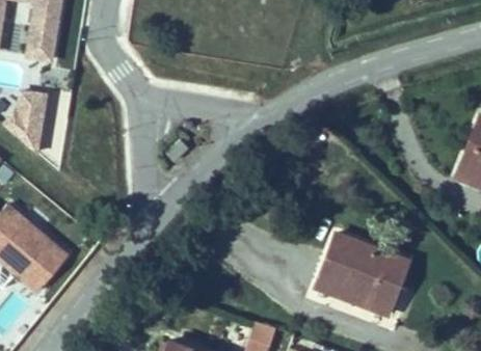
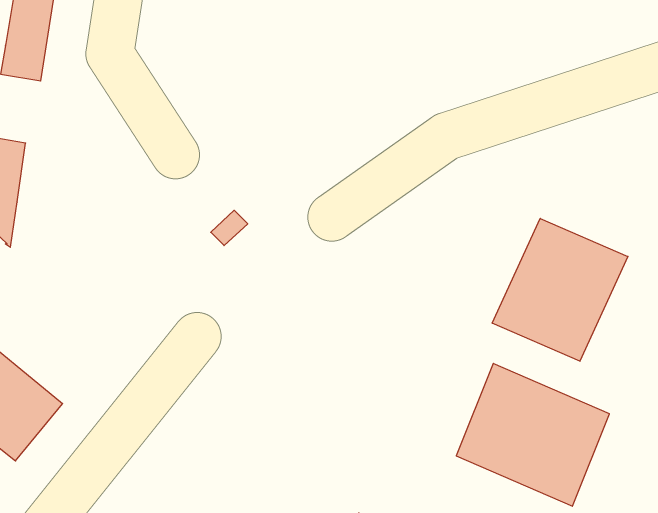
building: none -> [492,218,628,361]

